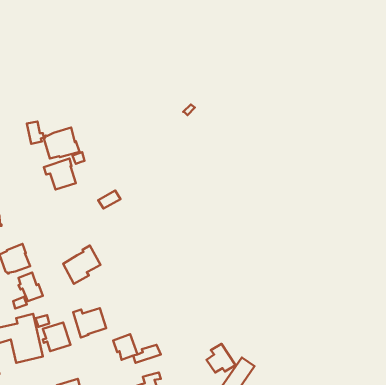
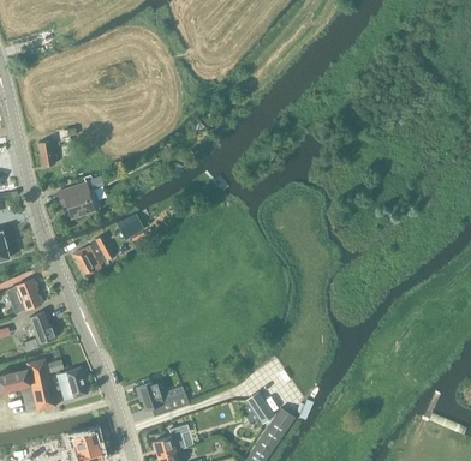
building: [44,127,80,159] -> none
building: [63,246,101,284] -> [73,234,115,277]
building: [73,308,106,338] -> none

